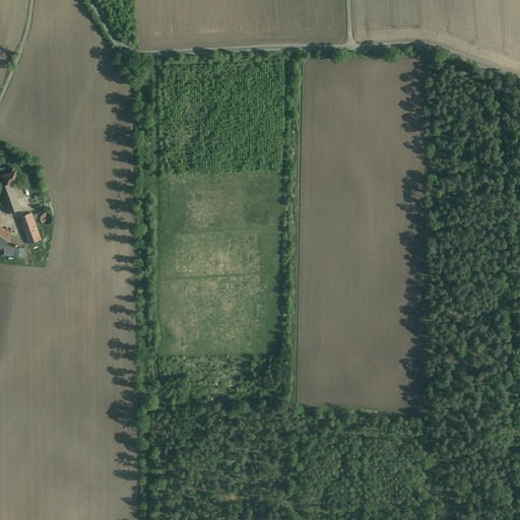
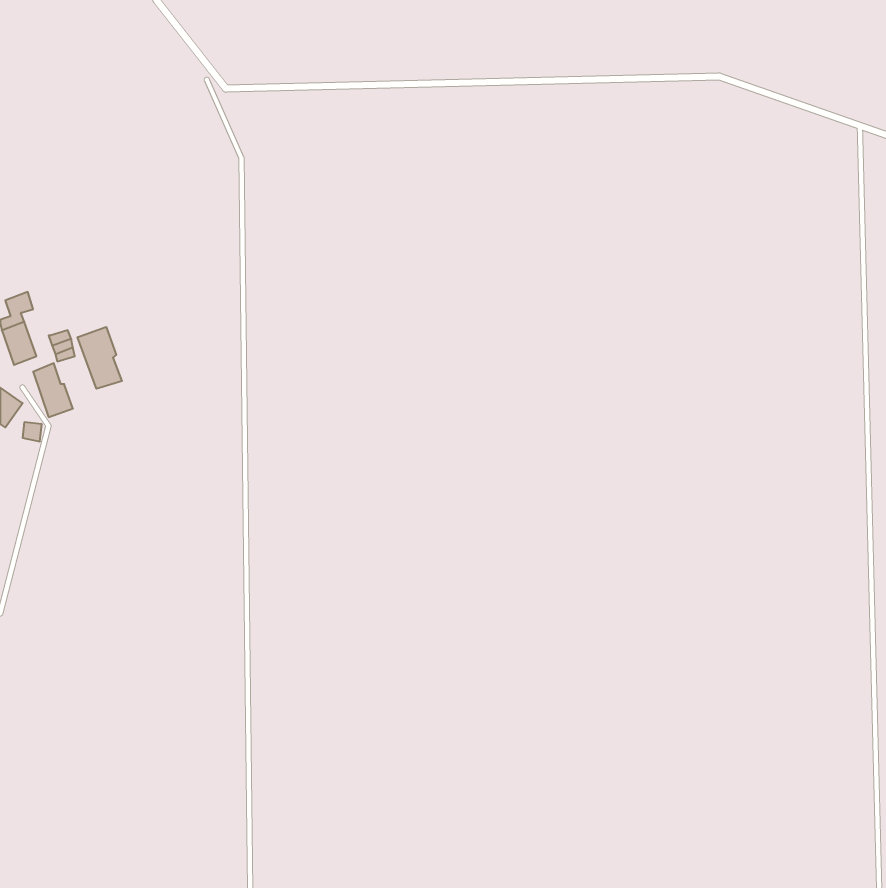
building: none -> [78,327,122,389]

